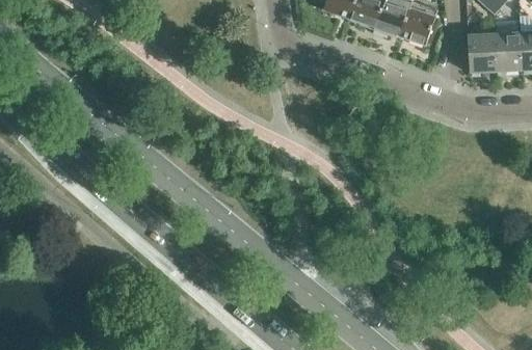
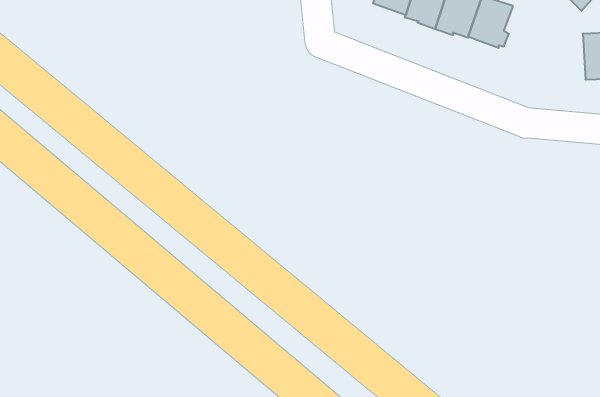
building: [468,33,497,73] -> none

